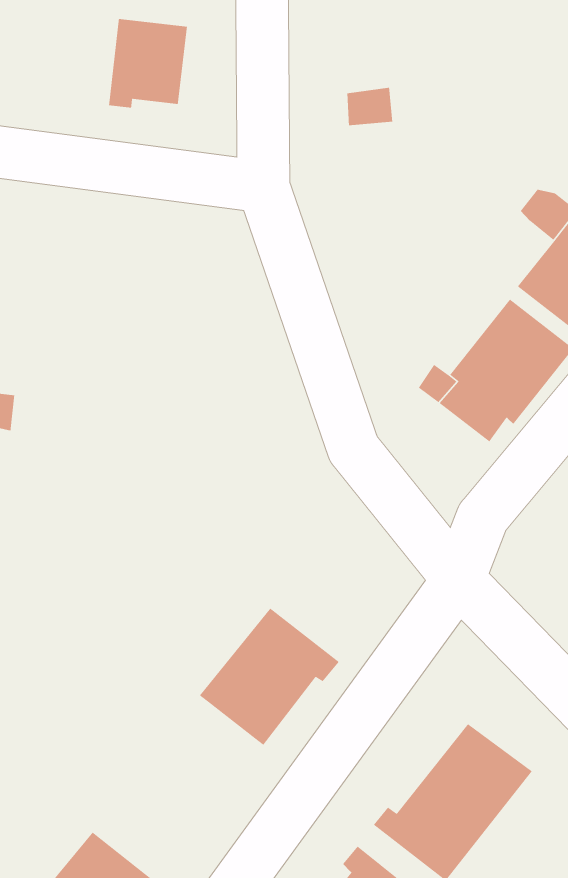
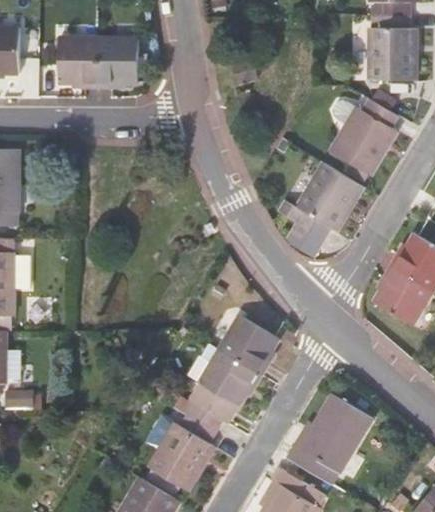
building: none -> [61,38,100,86]
building: none -> [219,314,276,372]
building: none -> [146,402,219,487]

